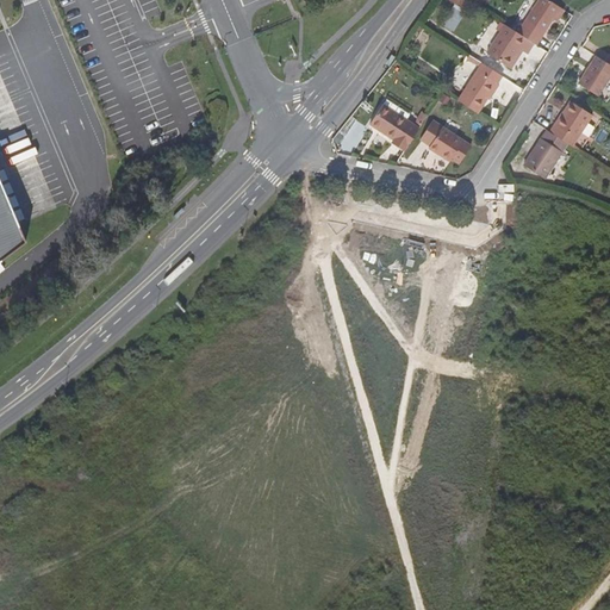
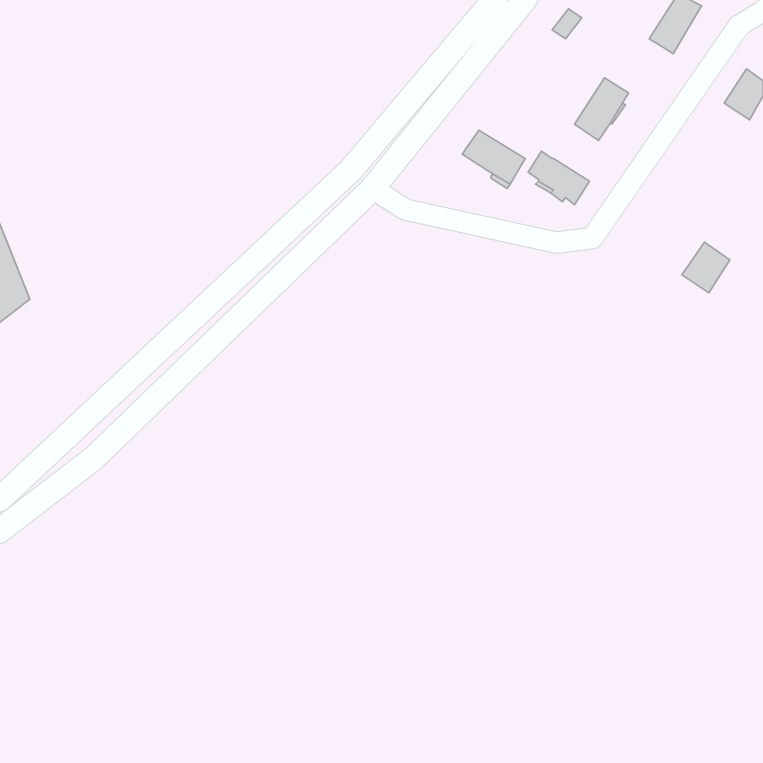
building: [486,24,533,66] -> none
building: [549,100,591,145] -> none
building: [522,137,560,178] -> [682,242,730,293]

